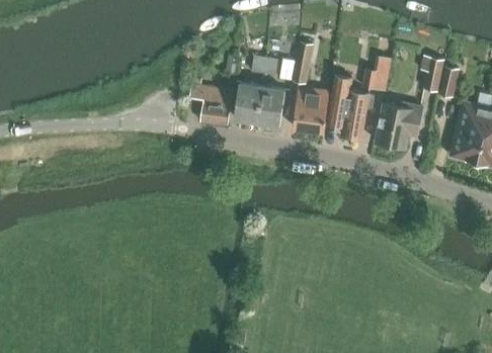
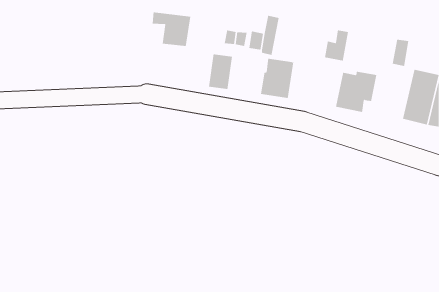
building: [421,56,443,92] -> none
building: [327,77,375,139] -> none
building: [189,86,233,124] -> [152,12,191,47]
building: [257,86,284,125] -> none

